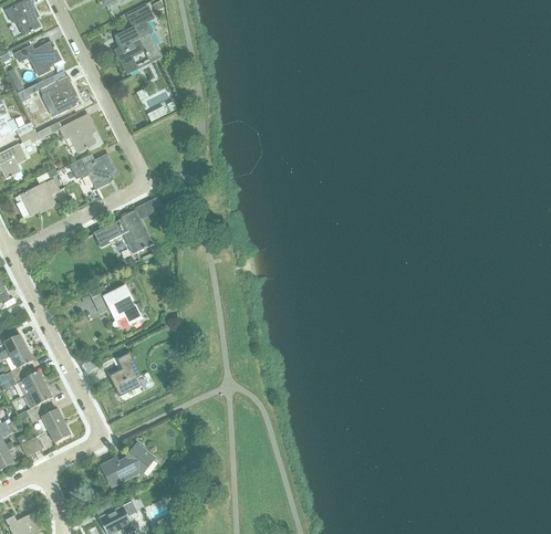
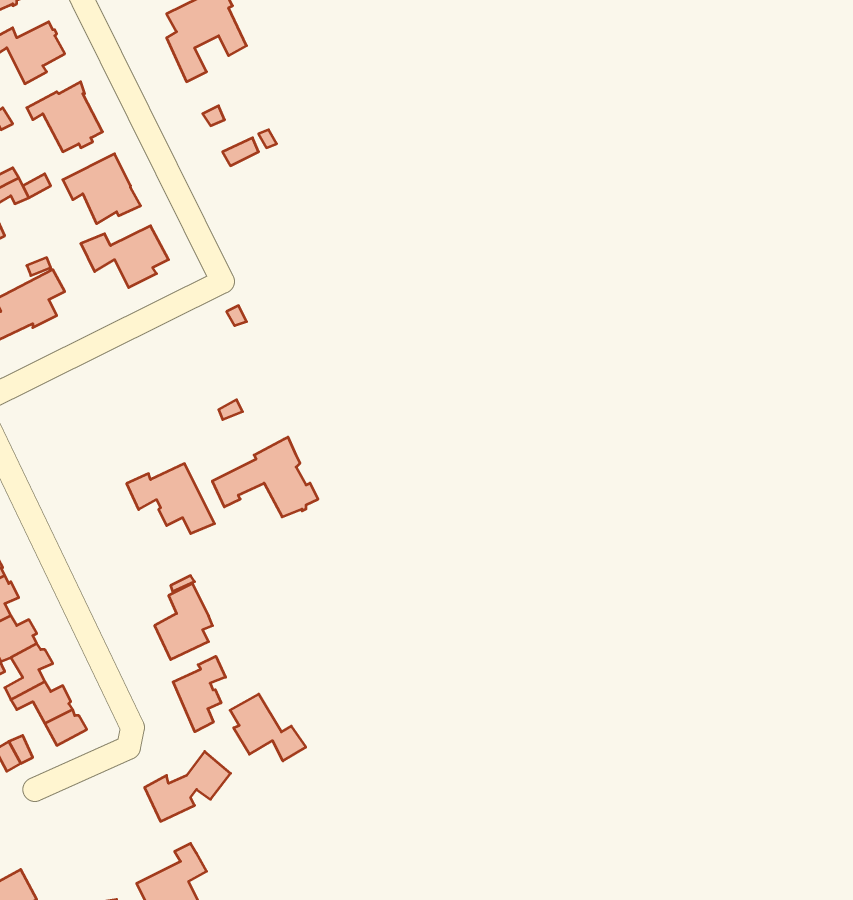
building: [93,208,152,252] -> [212,437,318,517]
building: none -> [173,656,226,732]
building: none -> [230,694,306,761]

